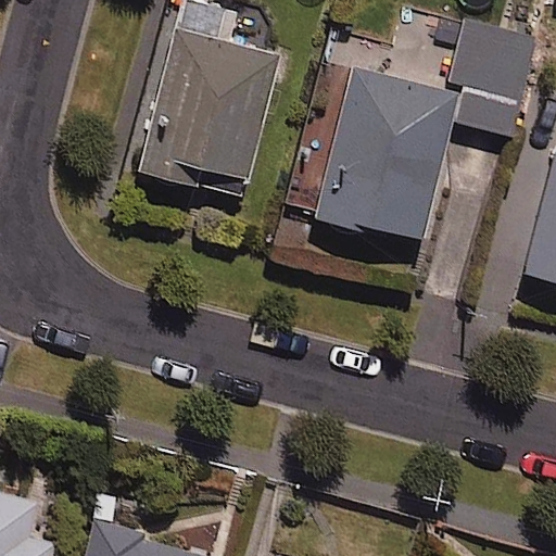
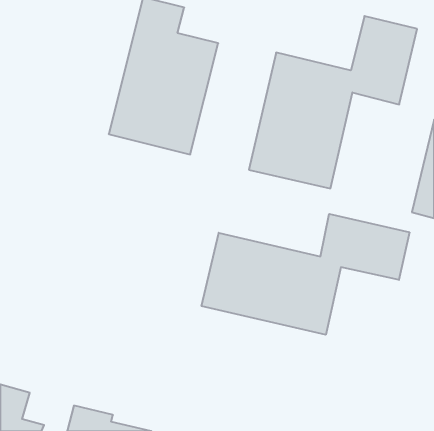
building: none -> [202,214,409,335]

